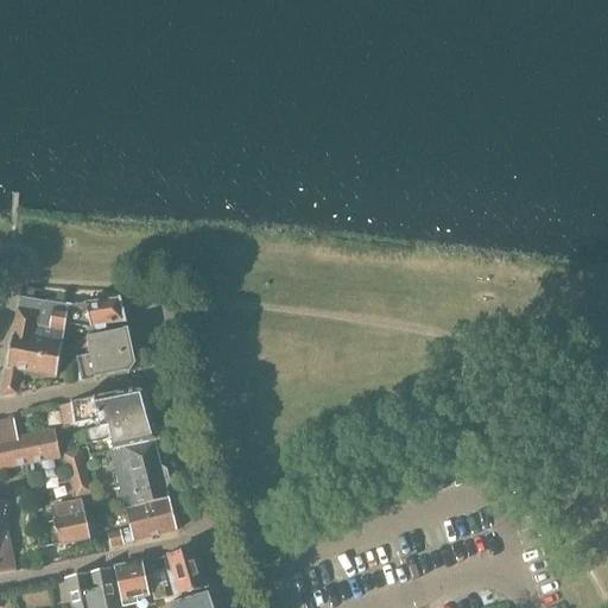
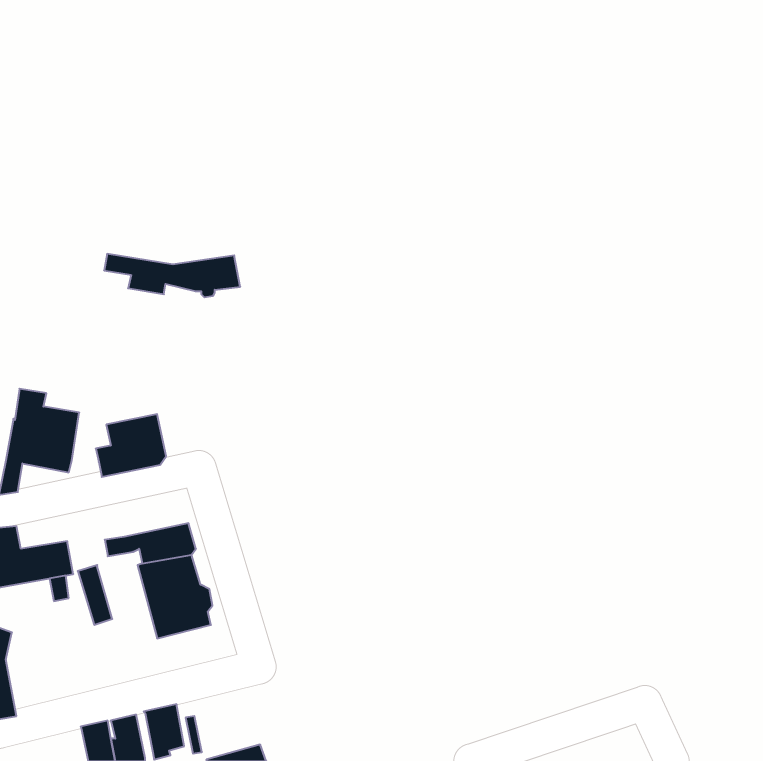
building: [15,296,124,330] -> [104,254,240,297]
building: [59,390,150,426] -> none
building: [106,496,176,545] -> none
building: [50,500,89,544] -> none
building: [167,549,204,595] -> none

